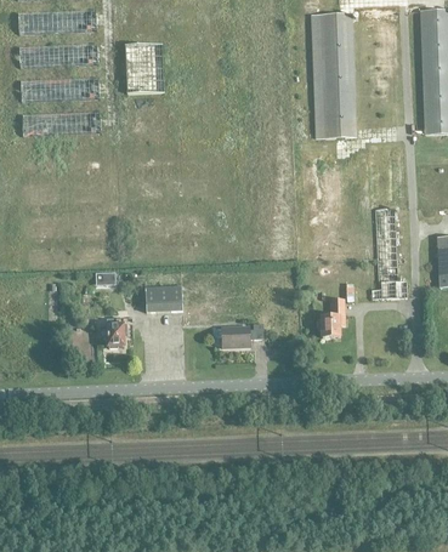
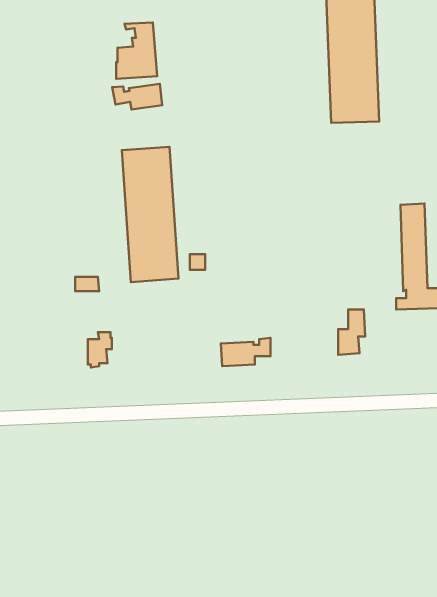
building: none -> [112,84,162,110]
building: none -> [122,147,178,282]
building: [146,284,183,312] -> none

